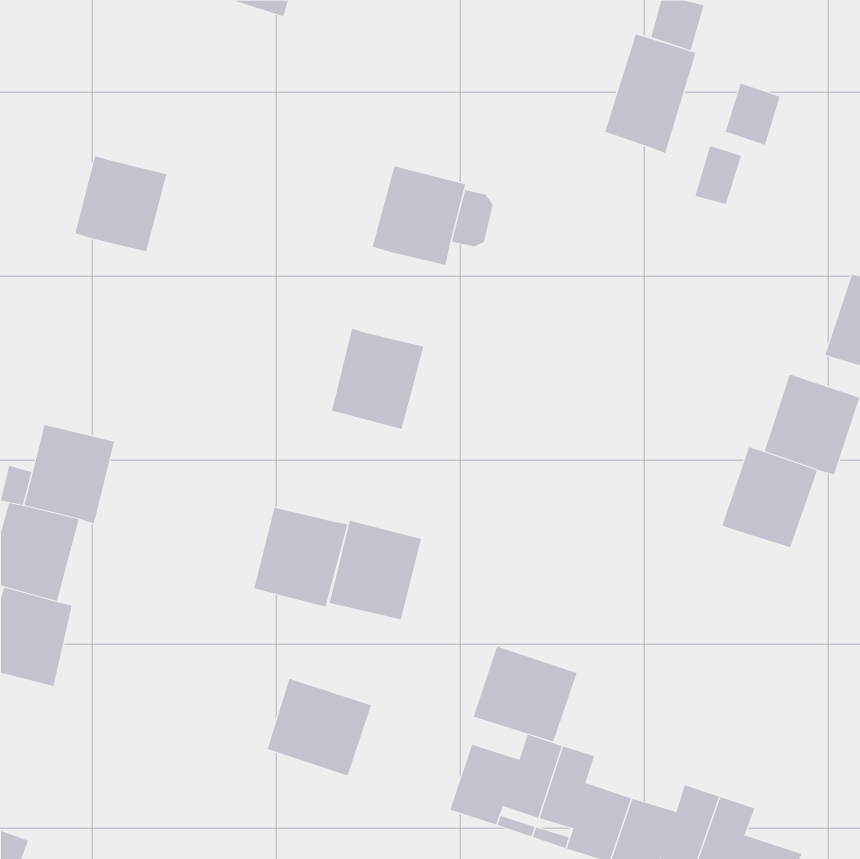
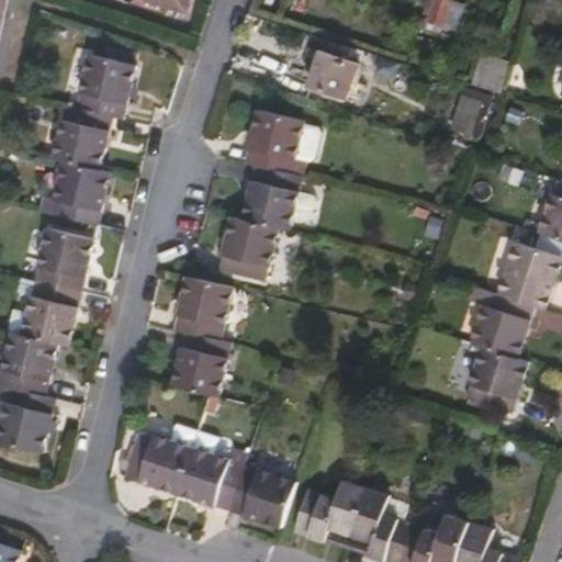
building: [605,34,696,154] -> none
building: none -> [75,55,134,120]
building: none -> [314,56,360,101]
building: none -> [48,158,108,224]
building: none -> [241,167,302,231]
building: none -> [31,226,91,290]
building: [329,520,422,620] -> [170,277,231,341]
building: none -> [464,348,527,415]
building: [473,646,577,742] -> [228,461,296,524]
building: none -> [125,428,190,490]

